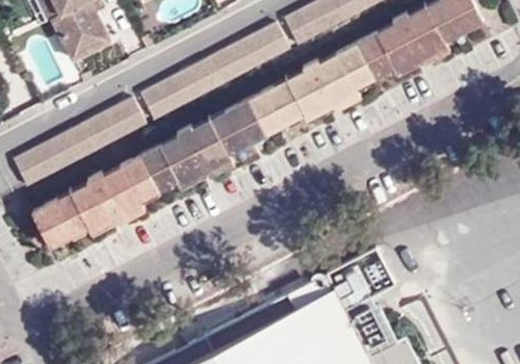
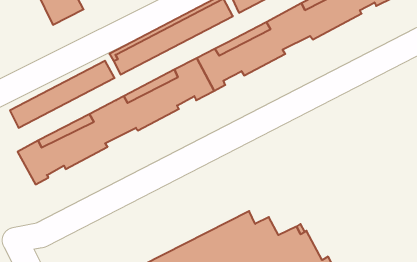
building: [14,98,135,186] -> none

